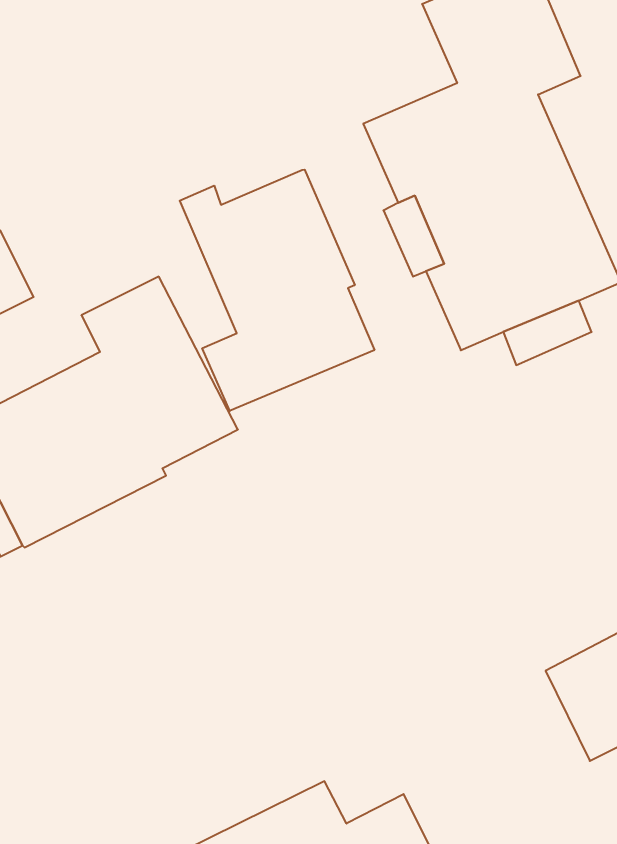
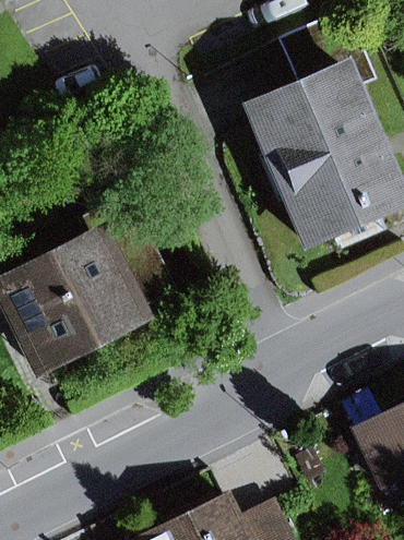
building: [180,170,374,411] -> none

